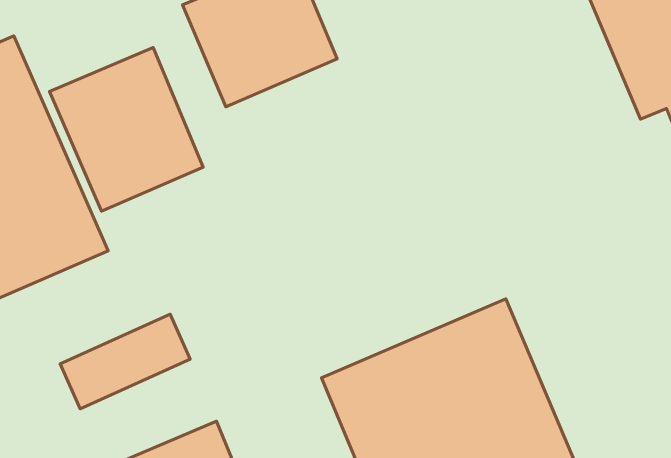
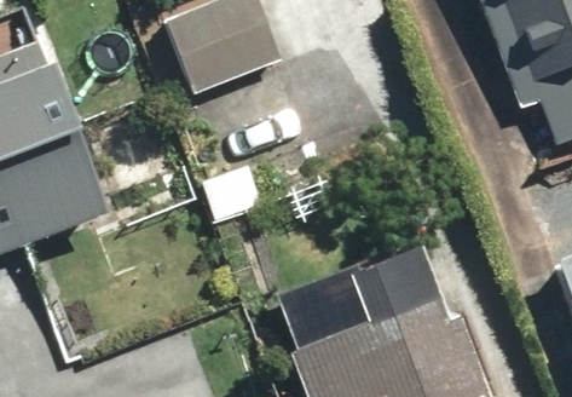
building: [49,48,203,211] -> none

